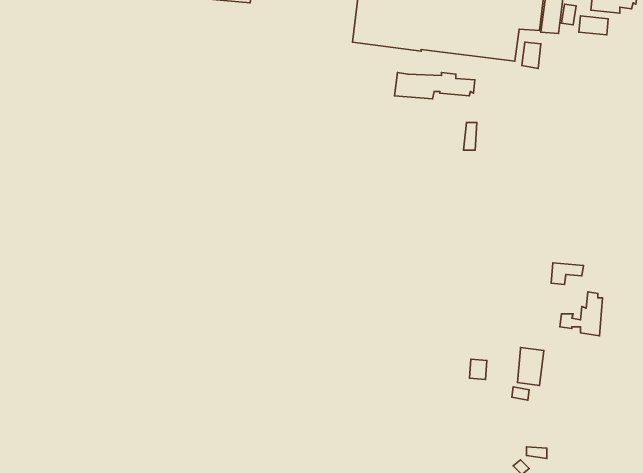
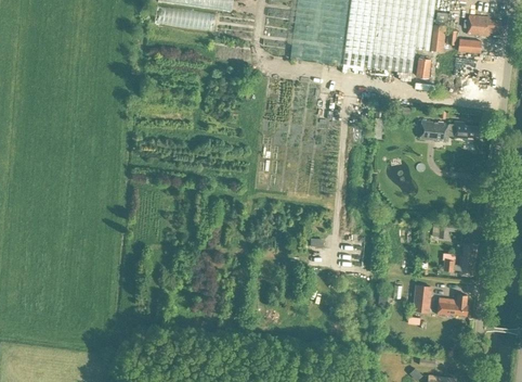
building: [395,73,475,99] -> [419,120,479,140]
building: none -> [436,293,468,316]

